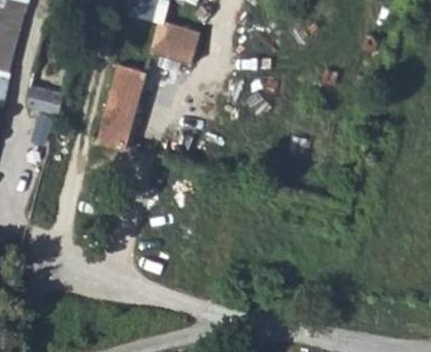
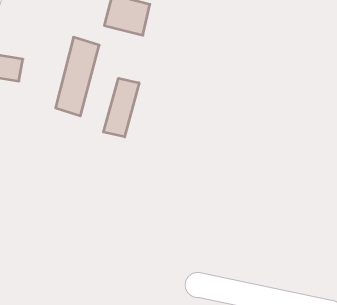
building: none -> [103,78,139,137]

